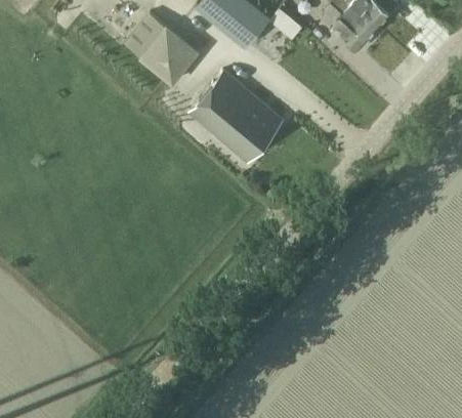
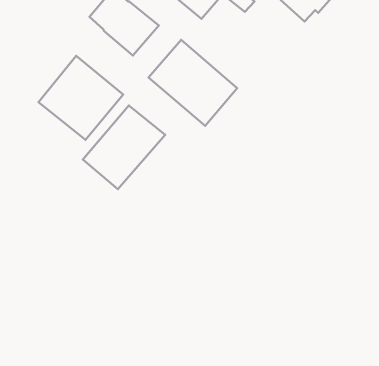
building: none -> [39,56,123,140]
building: none -> [83,105,165,189]

